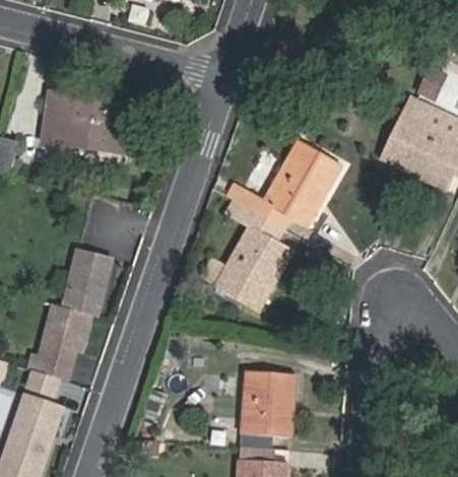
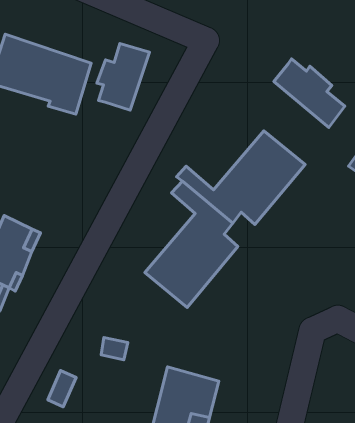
building: none -> [274,59,345,127]
building: none -> [97,44,150,110]

